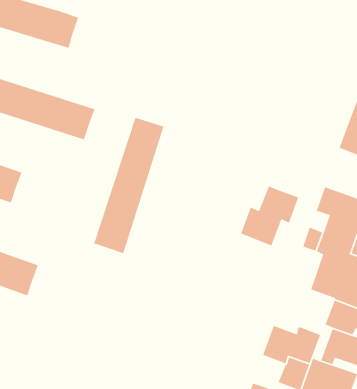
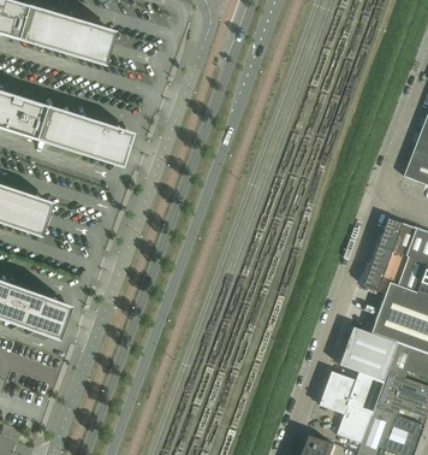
building: [93,117,165,254] -> none
building: [240,185,299,247] -> none
building: none -> [339,326,397,380]

